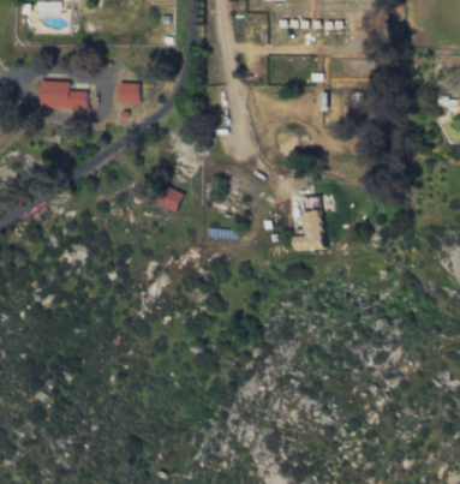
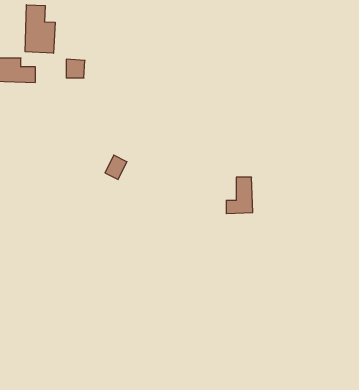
building: none -> [25,5,55,53]

